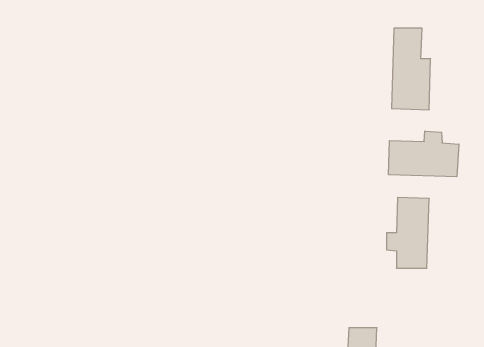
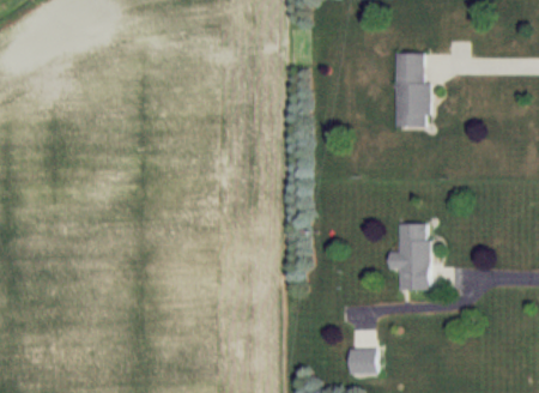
building: [389,131,459,177] -> none

